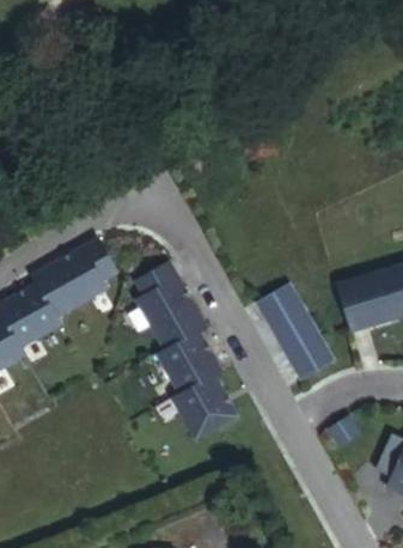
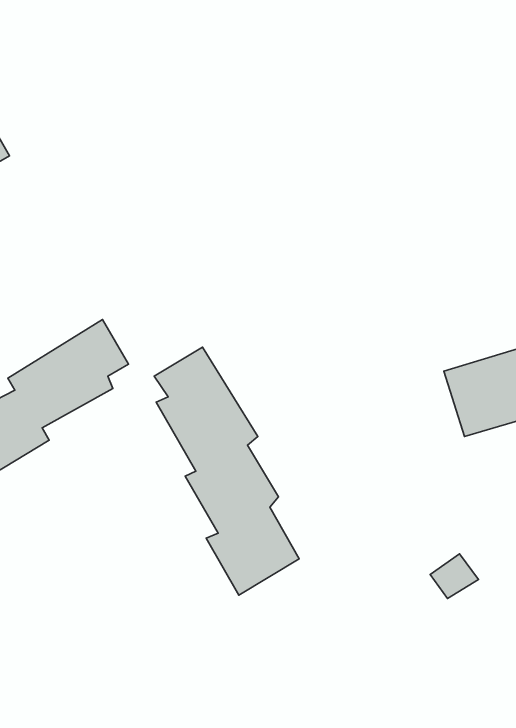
building: [249,278,325,371] -> none

